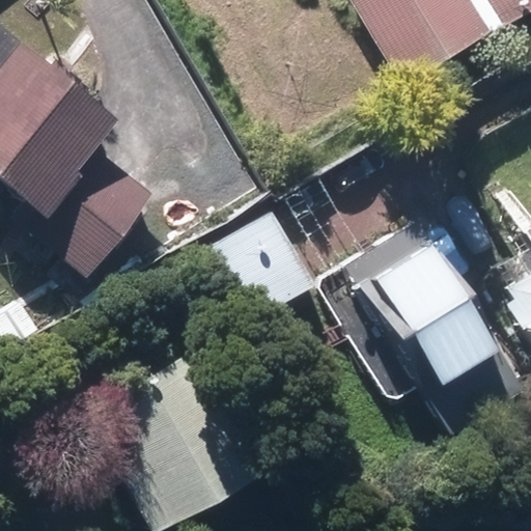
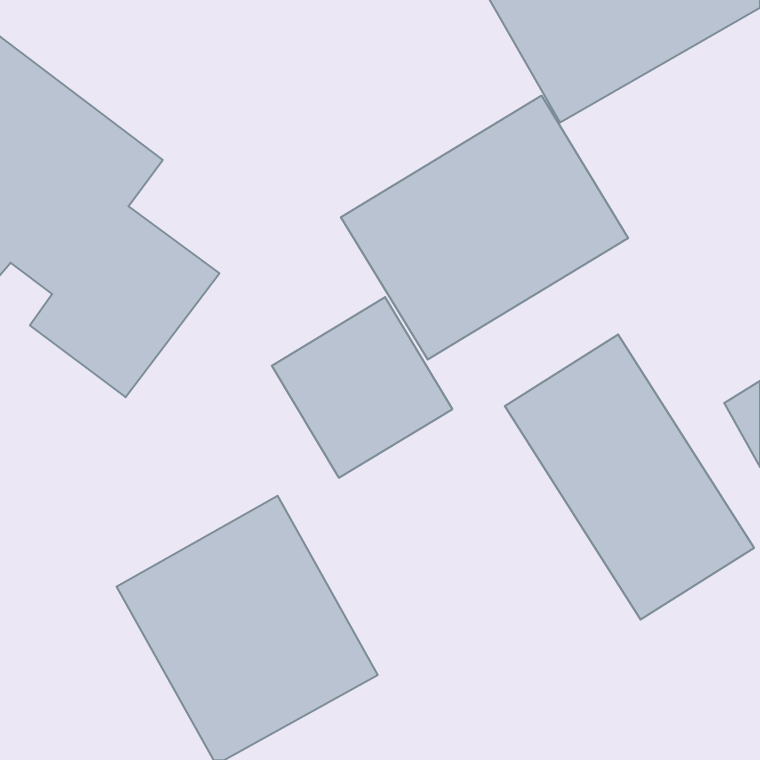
building: none -> [341,96,628,360]

